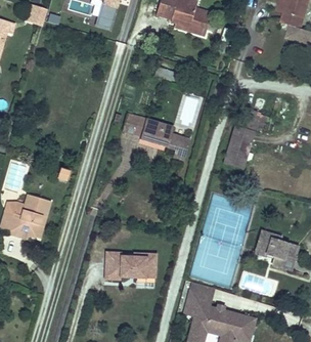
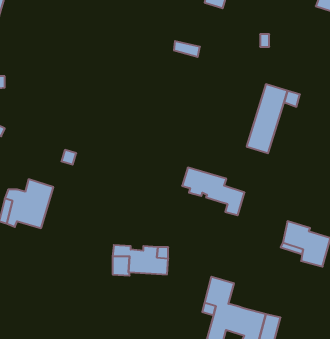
building: [130,116,186,159] -> [182,168,245,215]

